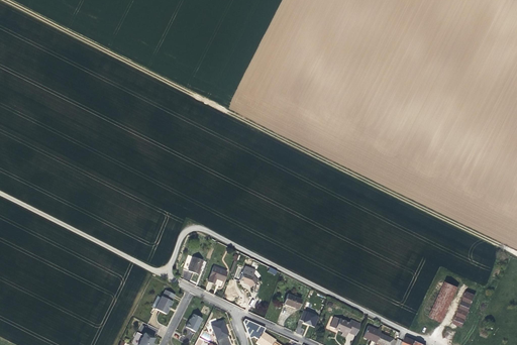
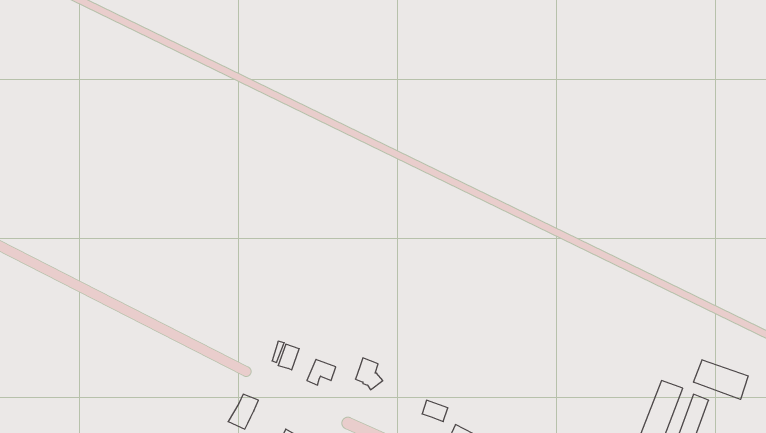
building: none -> [694,360,748,399]

